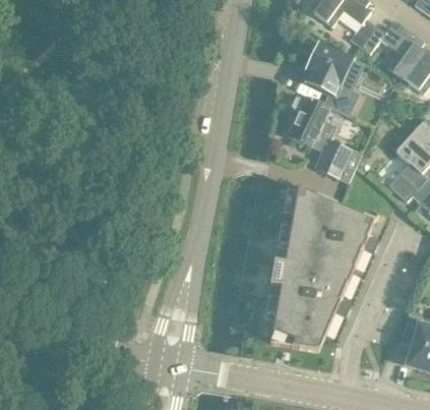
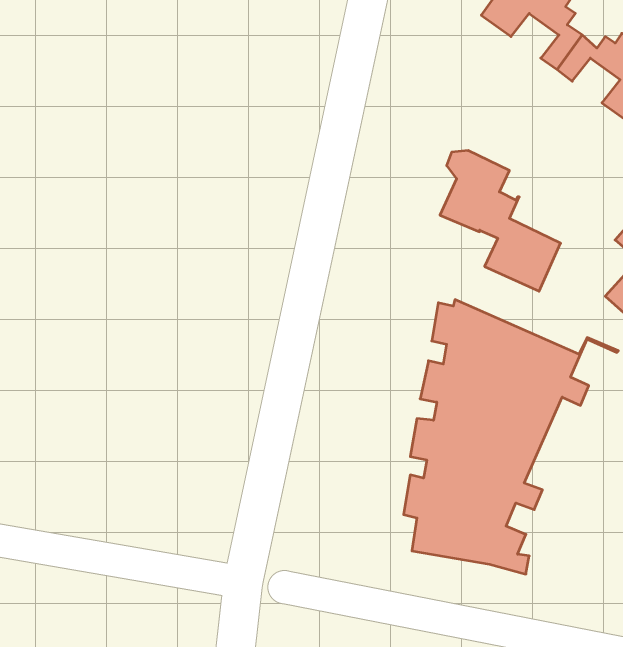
building: [305,42,357,114] -> none

